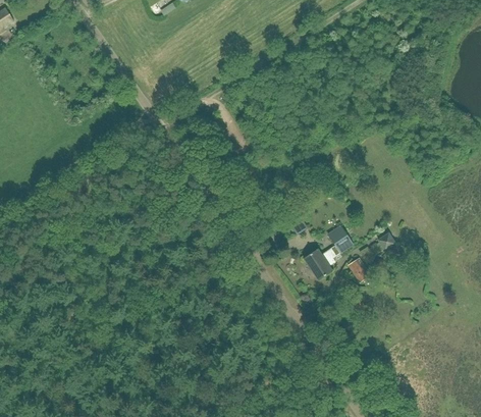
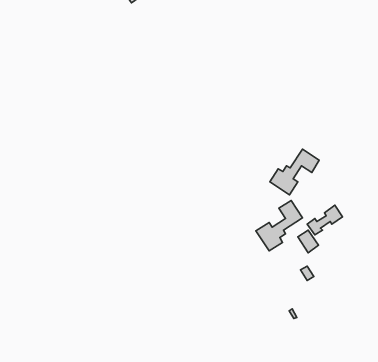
building: none -> [270,149,319,195]

